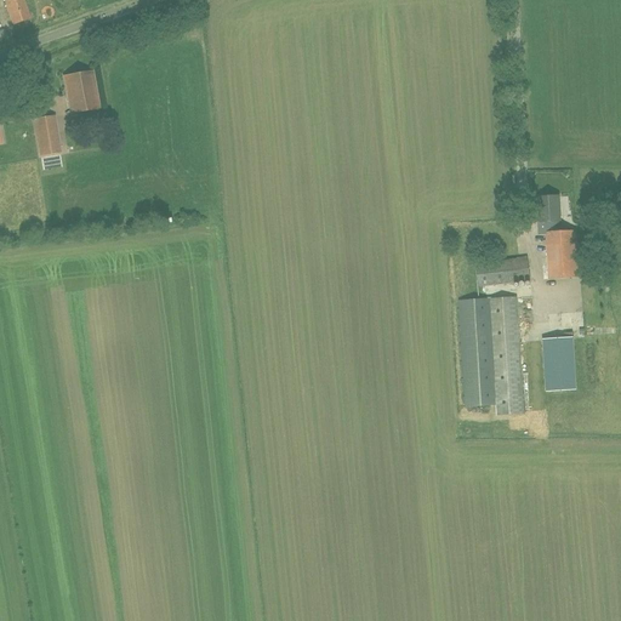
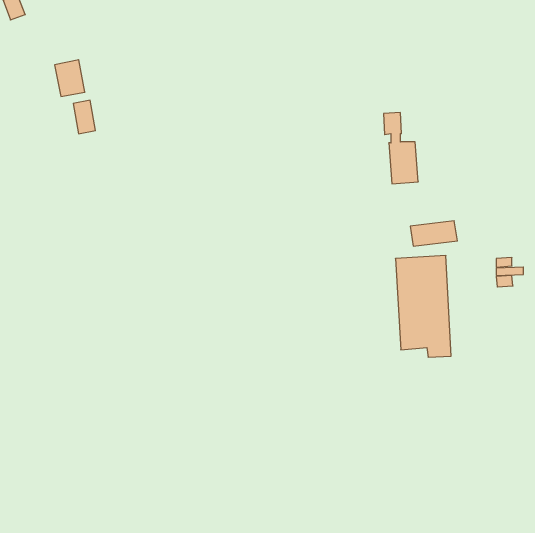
building: [34,115,59,154] -> [73,100,95,134]
building: [539,195,579,278] -> [384,113,418,184]
building: [542,336,574,389] -> none

